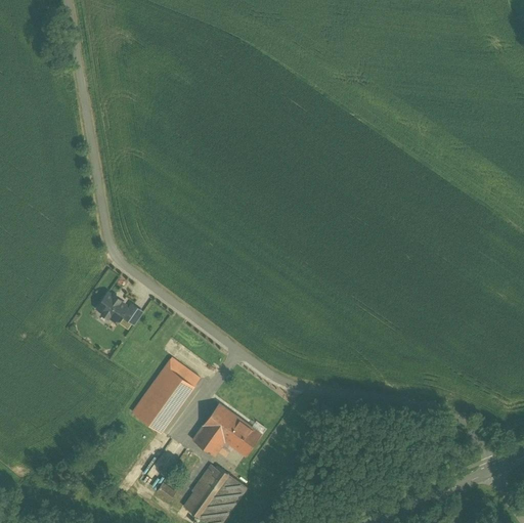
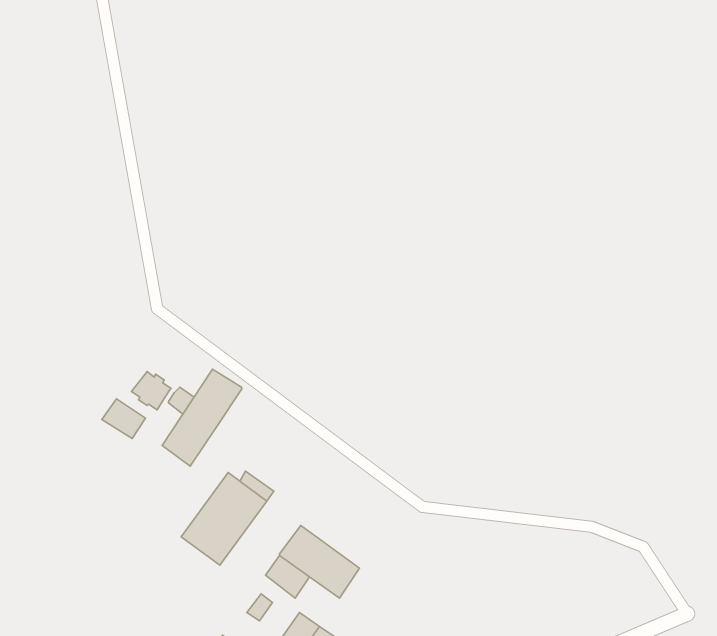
building: none -> [162,369,242,466]
building: none -> [102,399,146,438]

